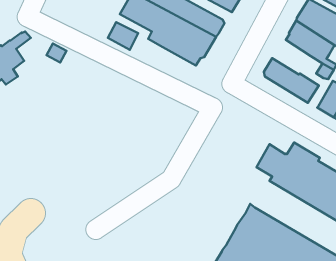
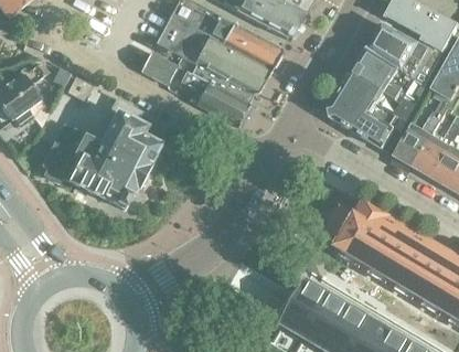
building: none -> [178,70,248,126]
building: none -> [338,73,384,115]
building: none -> [41,96,158,210]

